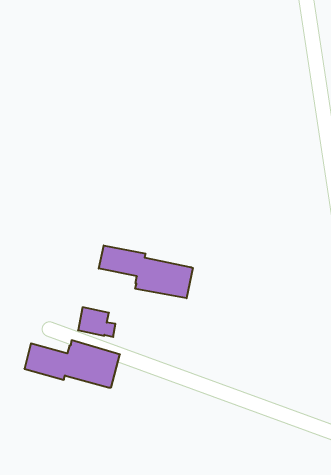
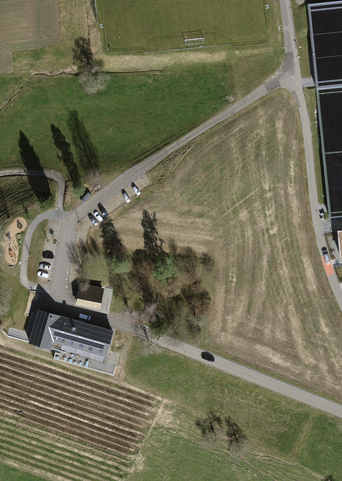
building: [99,245,193,298] -> none

